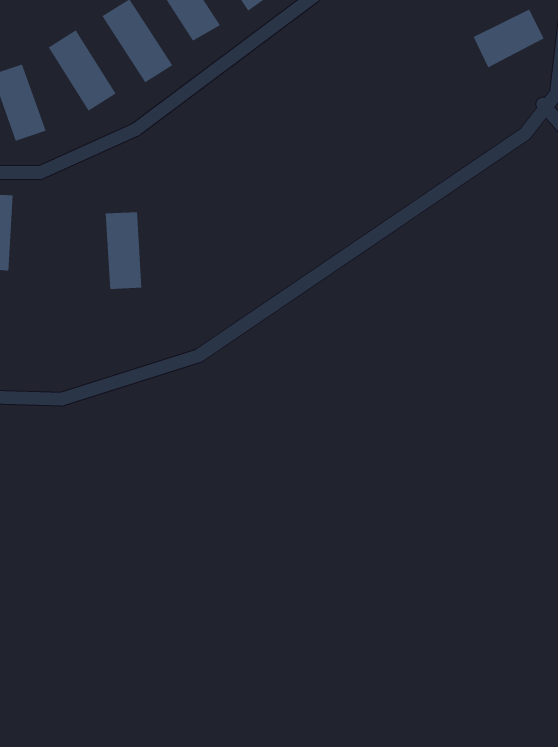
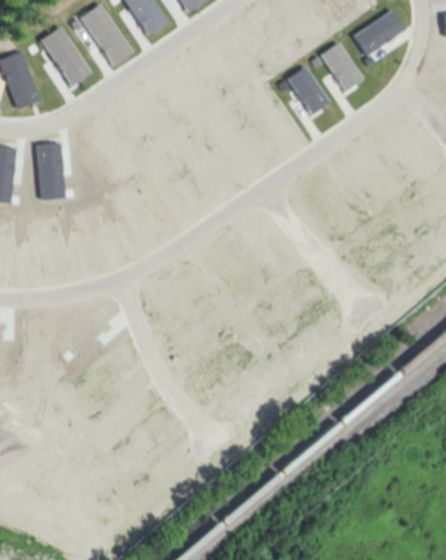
building: none -> [320,42,364,91]
building: none -> [287,66,330,115]
building: [105,212,142,289] -> [37,142,65,199]

